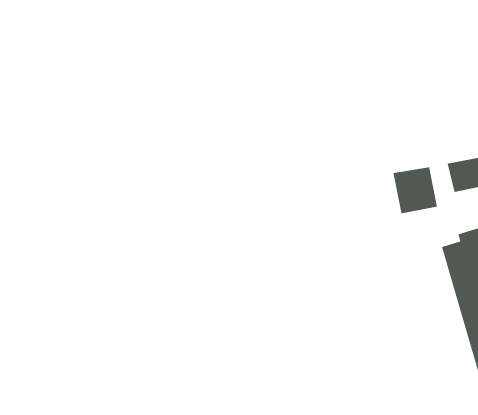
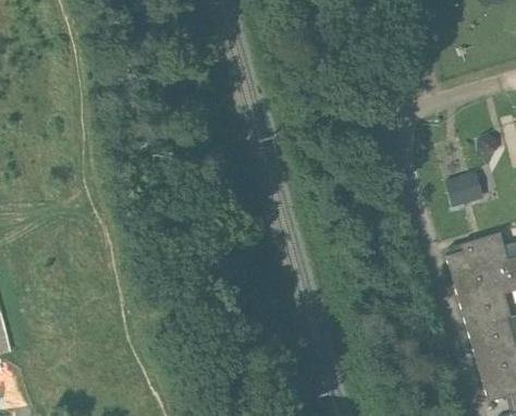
building: [393,166,437,214] -> none

